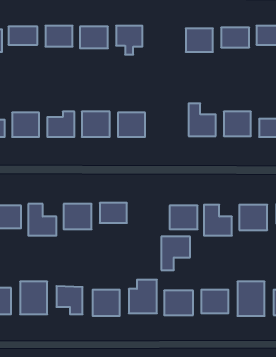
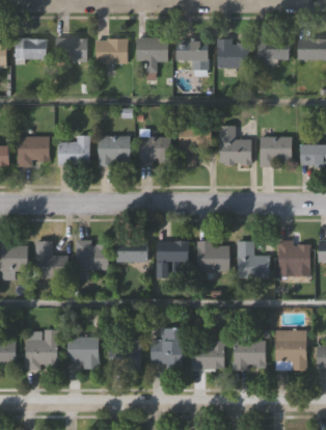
building: none -> [176,41,208,70]
building: none -> [178,126,210,166]
building: [161,237,190,270] -> [157,241,190,279]

